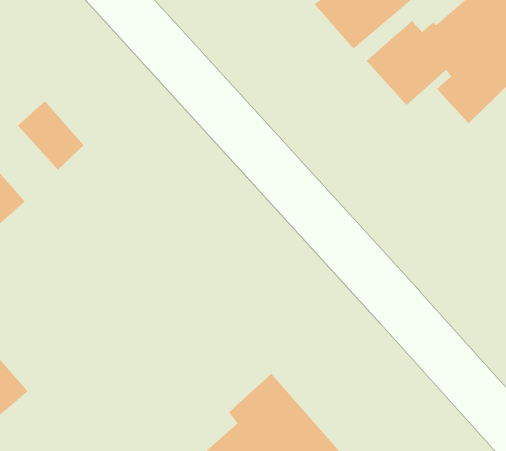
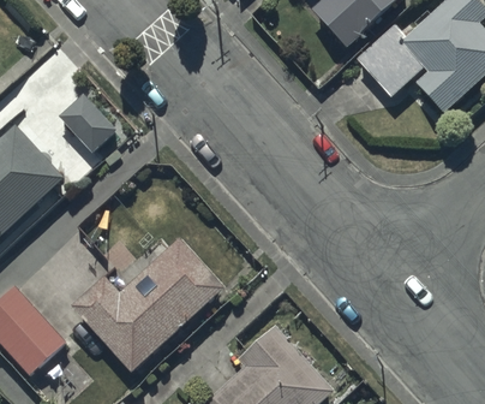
building: none -> [68,238,223,374]

